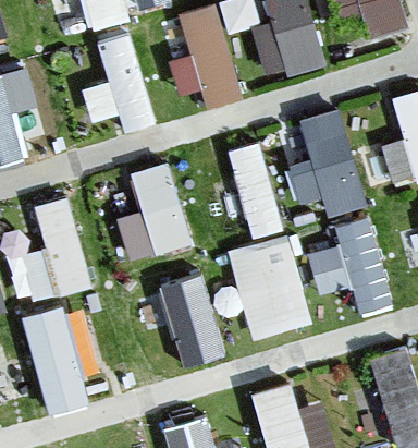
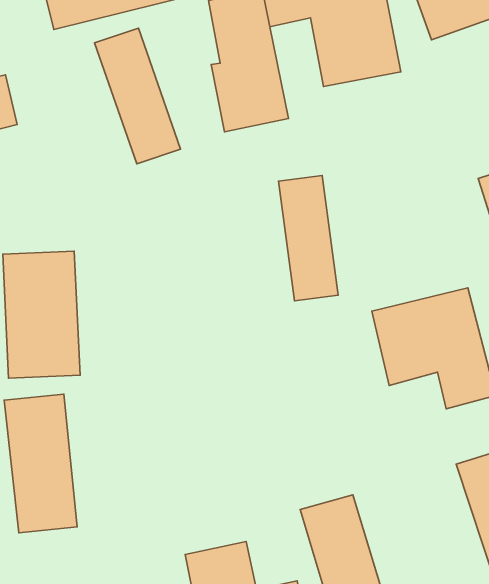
building: [293,105,370,220] -> none
building: [116,160,193,265] -> none
building: [226,234,311,340] -> none
building: [156,271,225,366] -> none

